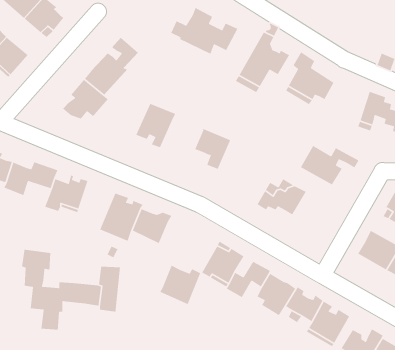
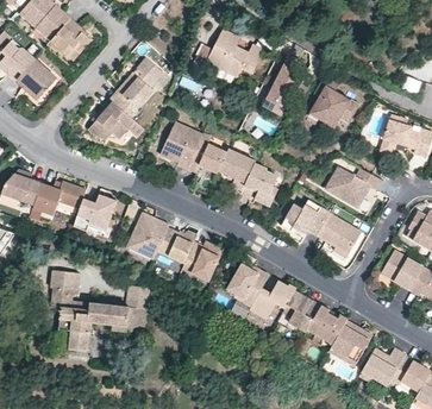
building: none -> [186,140,227,175]
building: none -> [242,164,276,207]
building: none -> [317,213,362,256]
building: [159,265,201,305] -> [182,243,224,283]

